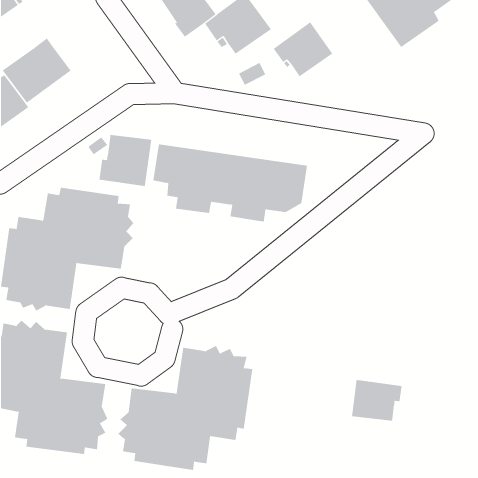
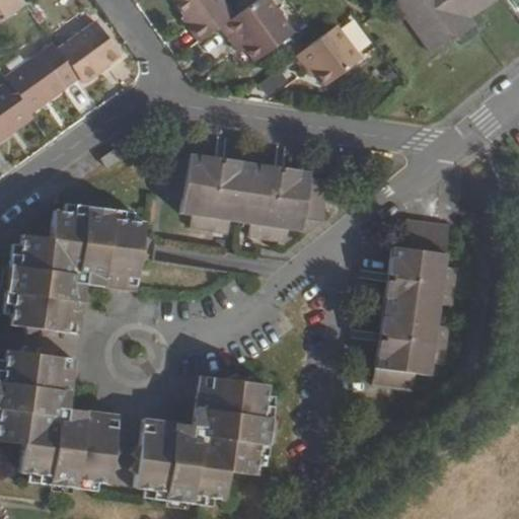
building: none -> [59,19,123,81]
building: [99,134,152,187] -> none
building: none -> [373,220,459,390]
building: [351,379,402,422] -> none

